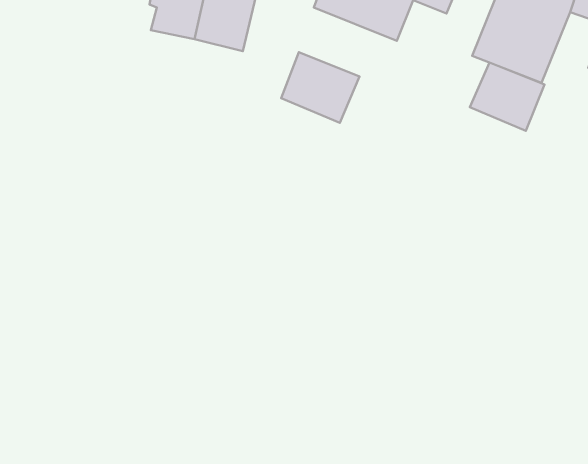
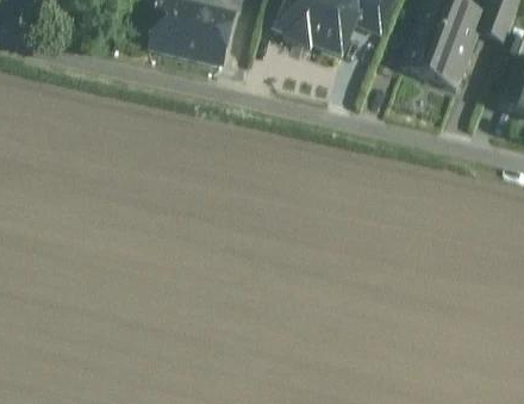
building: [281,52,360,123] -> none
building: [470,63,545,131] -> none

